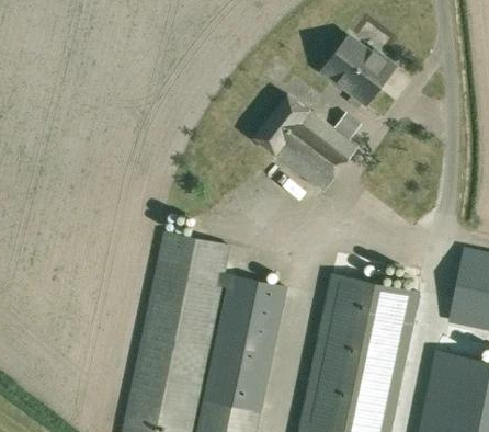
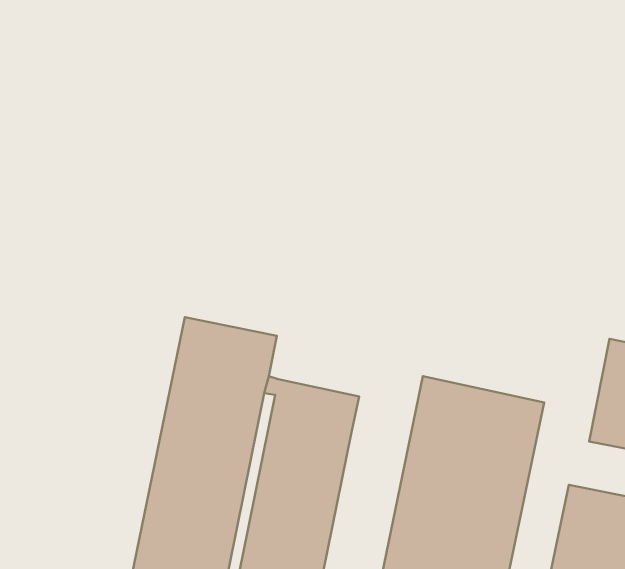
building: [322,37,396,105] -> none
building: [254,94,357,192] -> none

